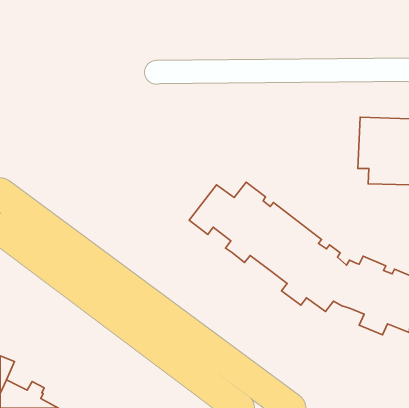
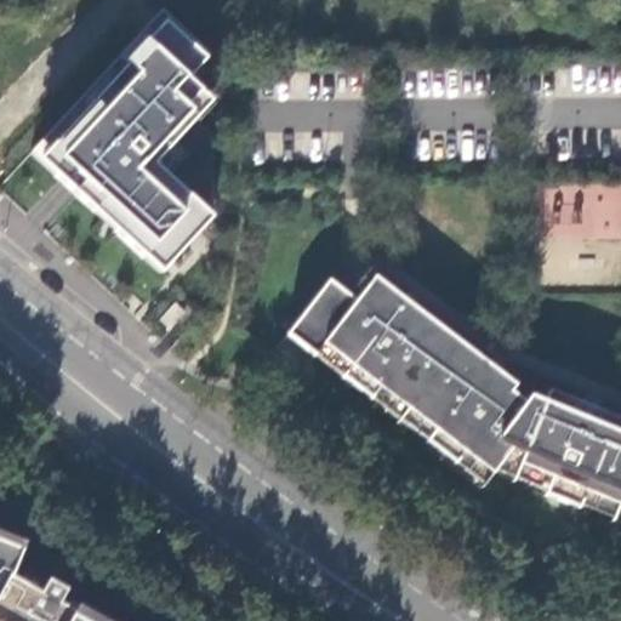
building: none -> [34,8,221,272]

